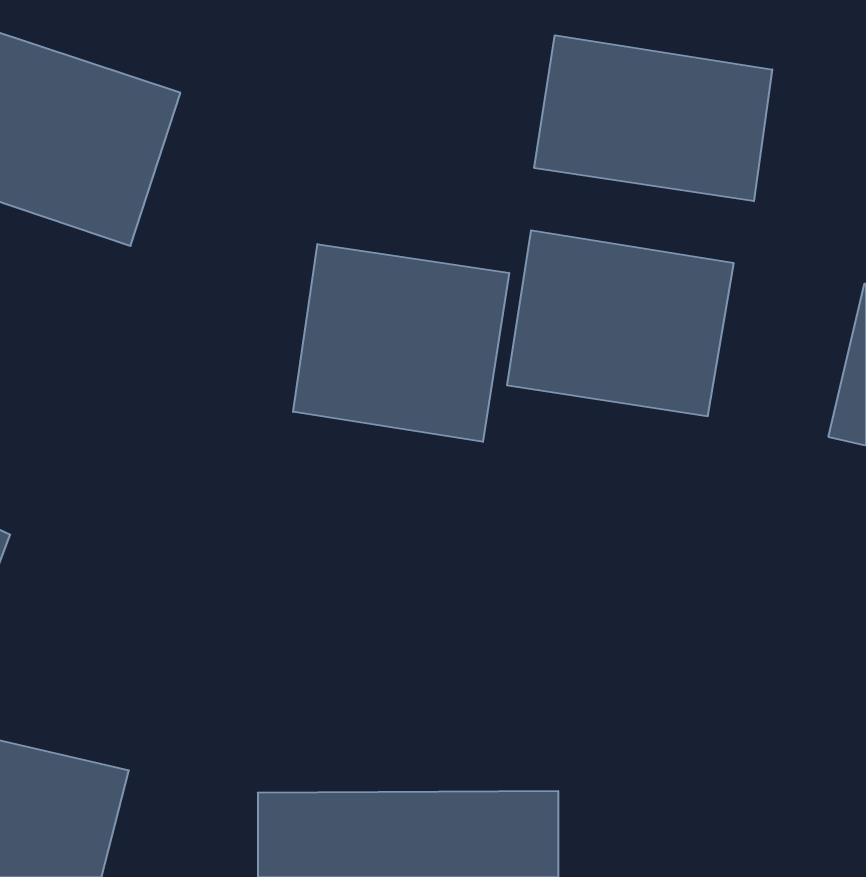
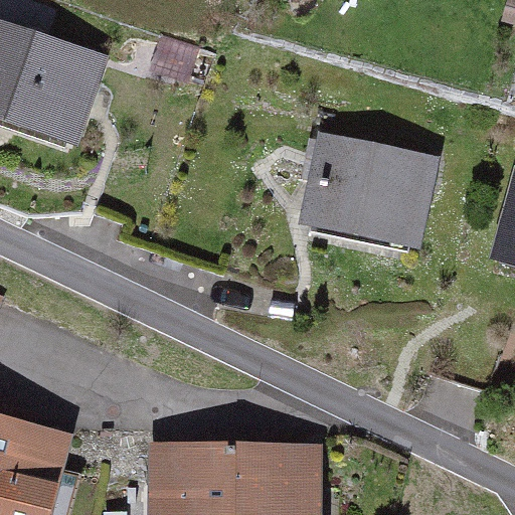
building: [534,35,772,201] -> none
building: [293,244,509,442] -> none

